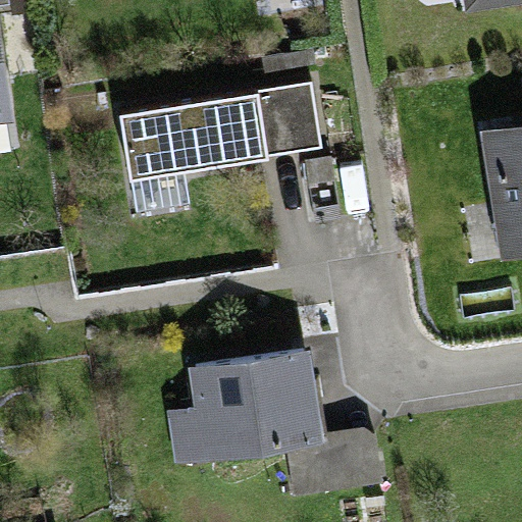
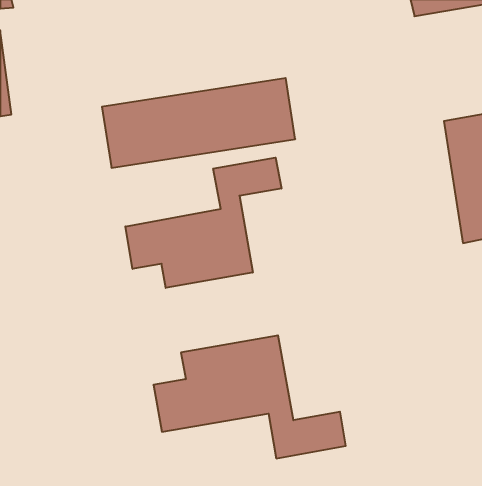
building: none -> [125,158,281,288]

